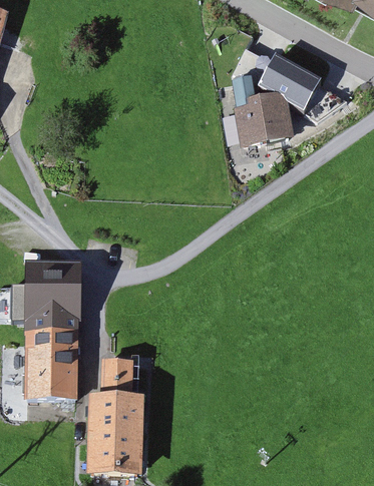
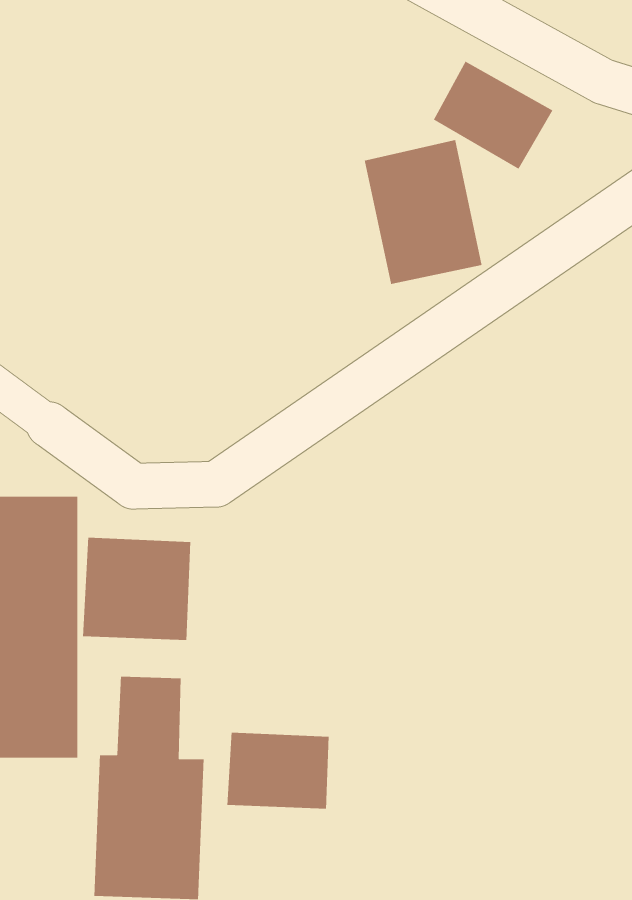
building: none -> [82,537,191,641]
building: none -> [227,732,329,809]

